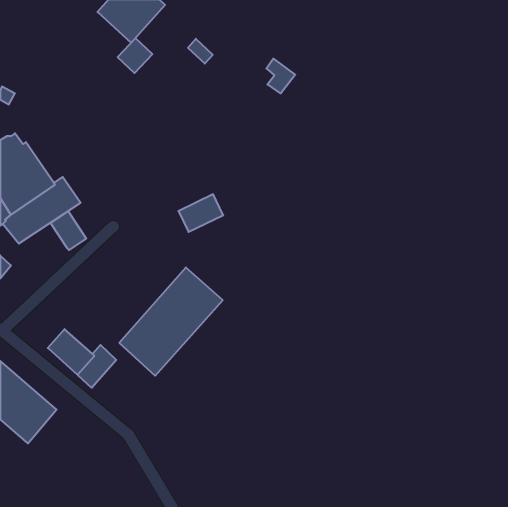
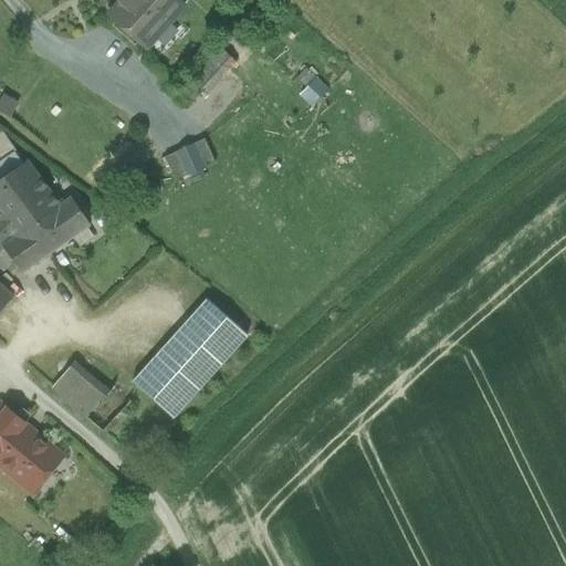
building: [118,38,152,73] -> [189,53,228,92]
building: [178,194,223,232] -> [165,138,214,180]
building: [50,211,86,250] -> none

